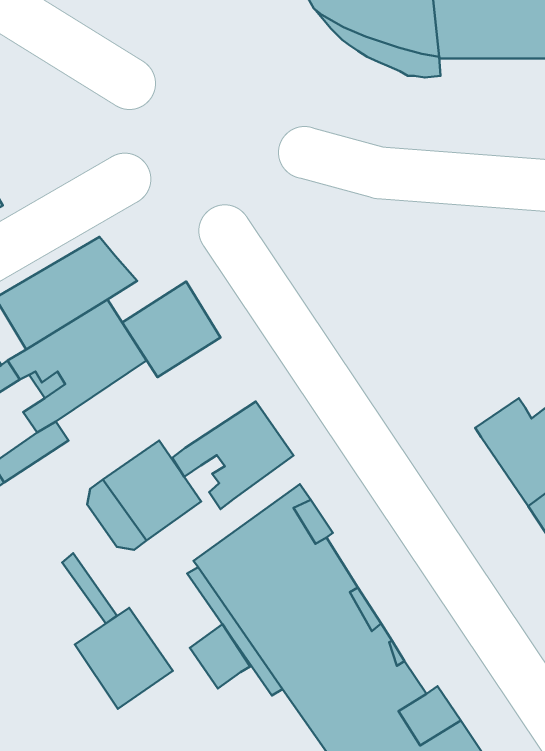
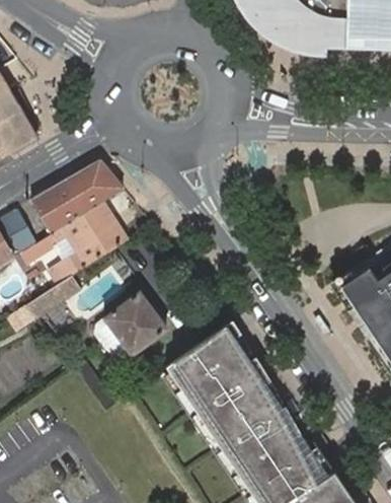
building: [122,281,221,377] -> none
building: [172,401,293,509] -> none
building: [75,608,173,709] -> none
building: [190,624,250,689] -> none

